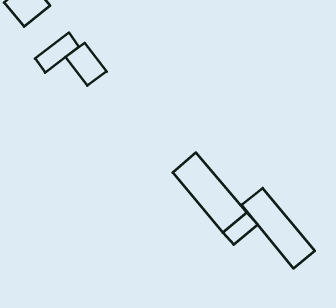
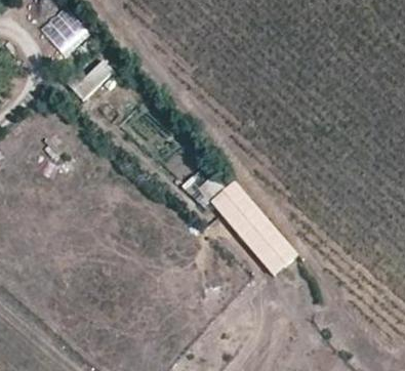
building: [65,43,107,86] -> none
building: [242,188,315,268] -> none

